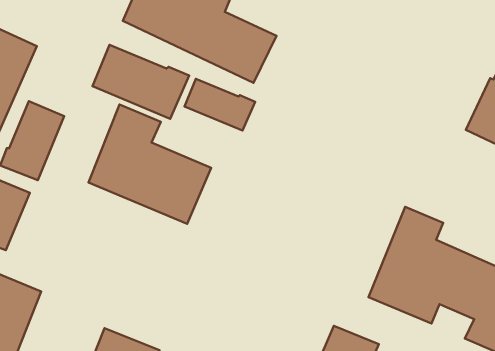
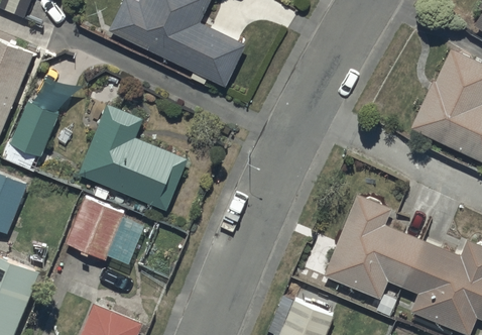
building: [92,45,189,119] -> none
building: [185,79,255,131] -> none
building: none -> [67,198,145,263]

